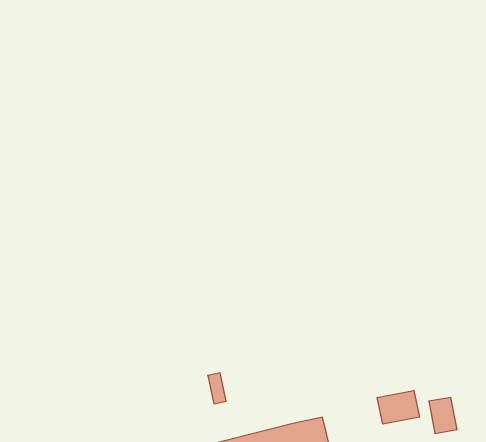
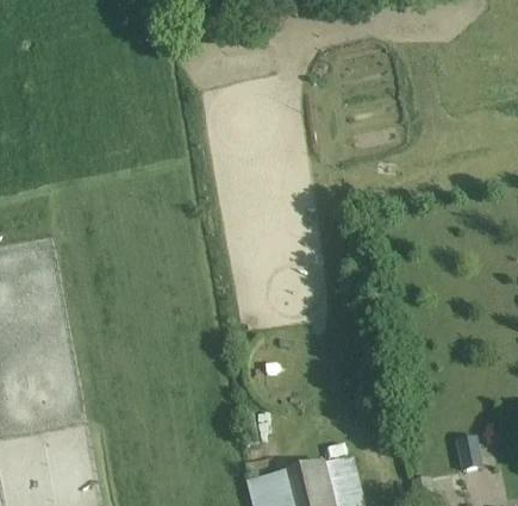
building: [377,390,420,424] -> none

